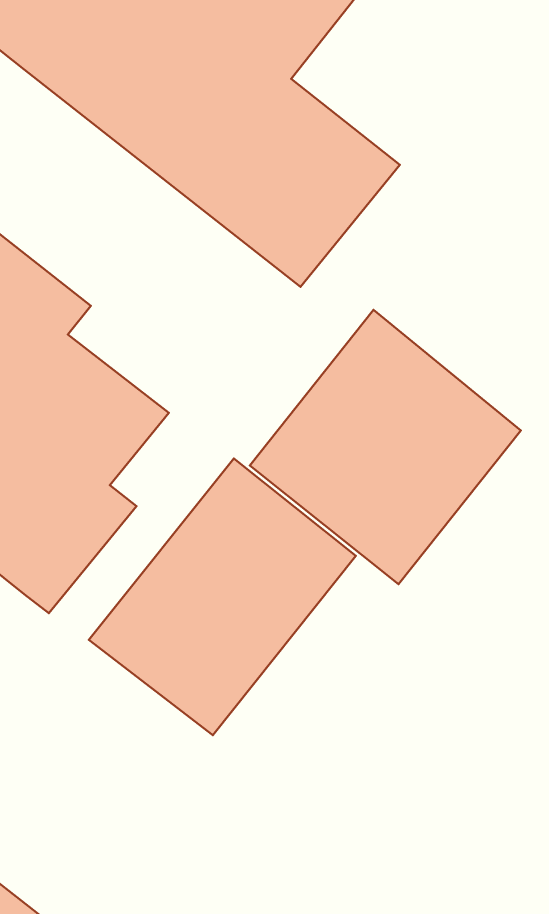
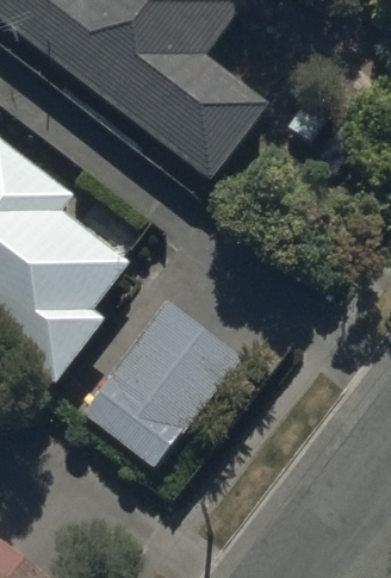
building: [250,310,521,584] -> none

